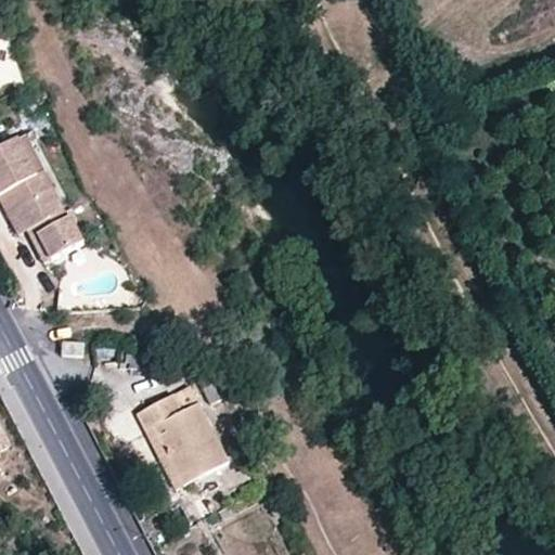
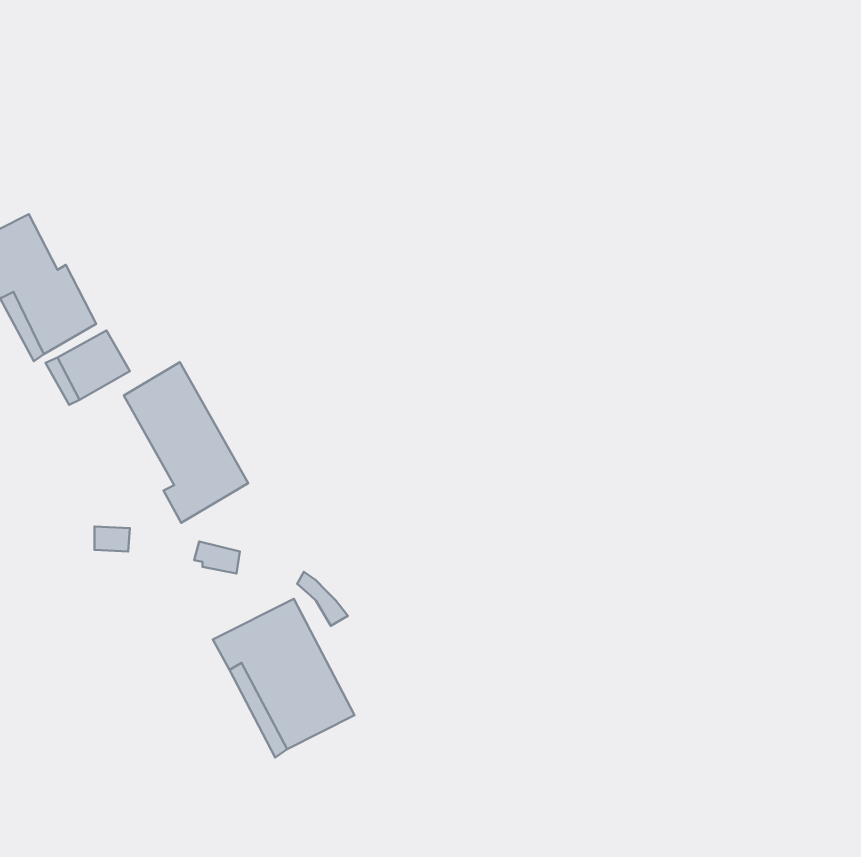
building: none -> [124,362,248,523]

